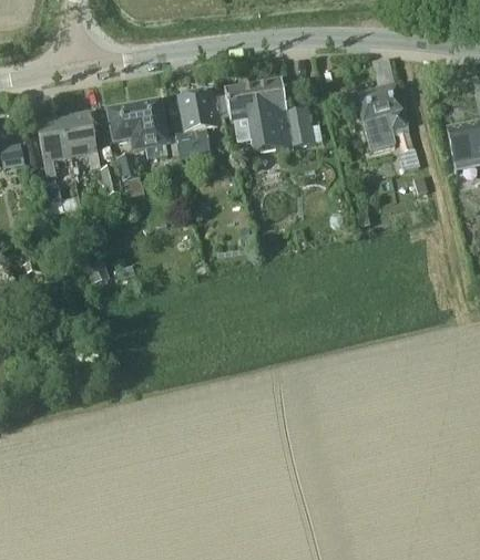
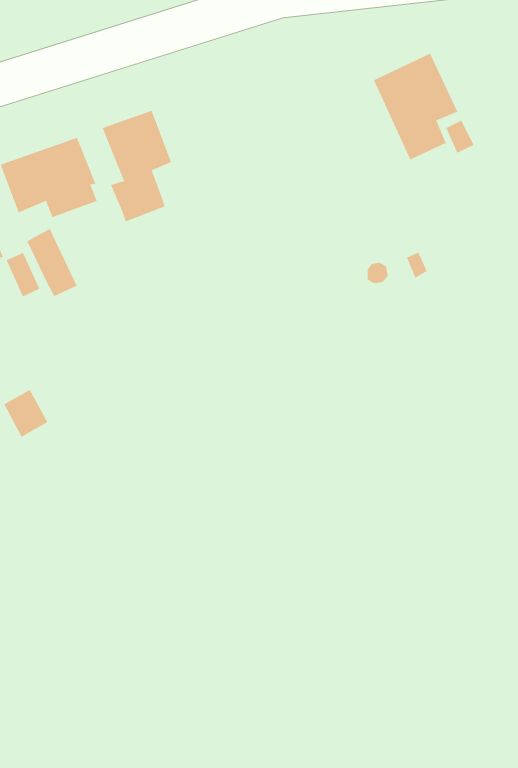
building: [224,79,315,152] -> none

